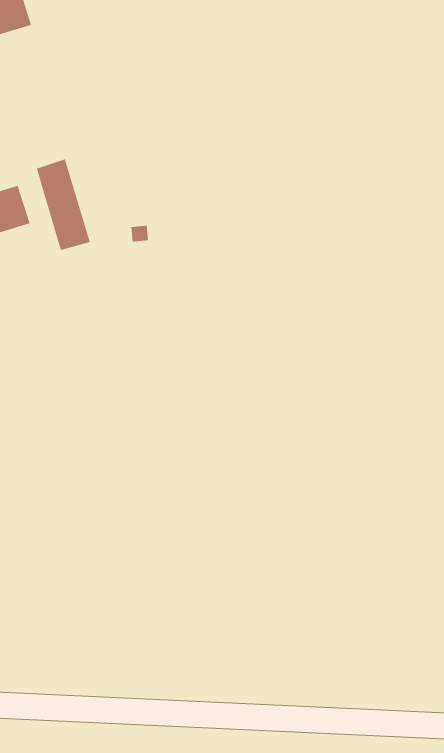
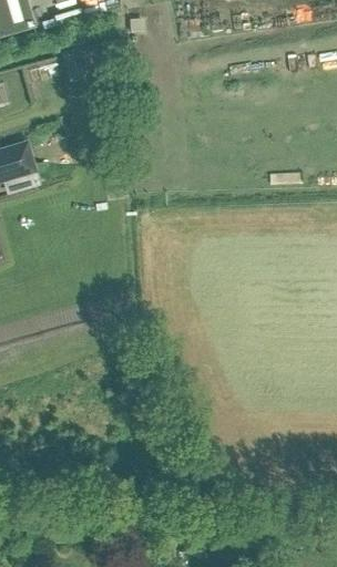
building: [36,158,91,251] -> none

